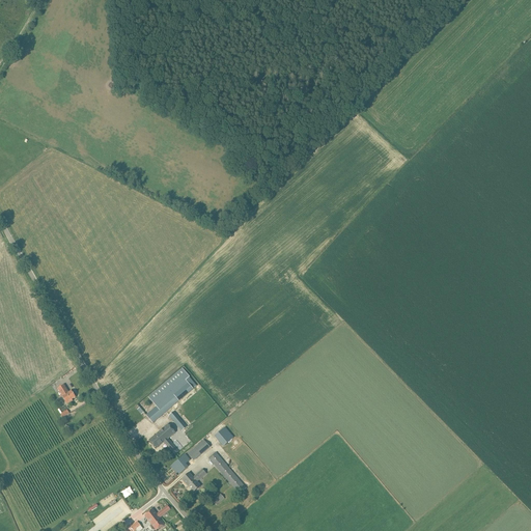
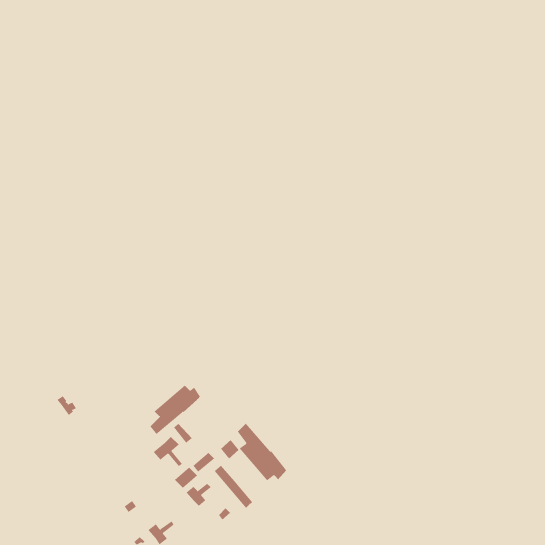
building: none -> [237,423,287,481]

